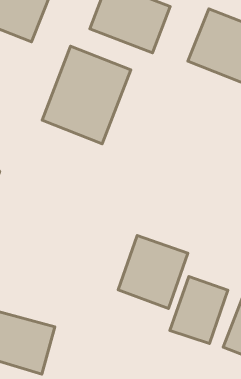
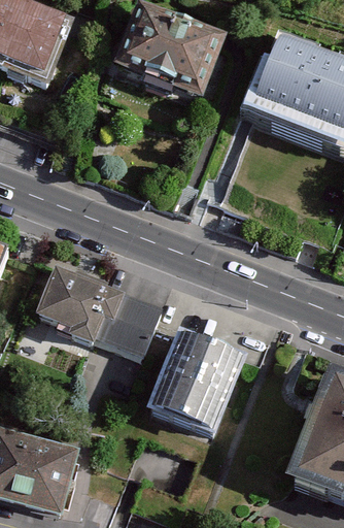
building: [42,46,131,144] -> none
building: none -> [40,265,164,358]
building: [170,277,228,343] -> none

